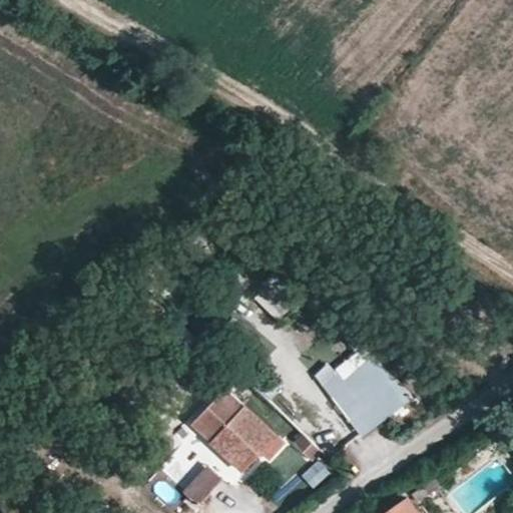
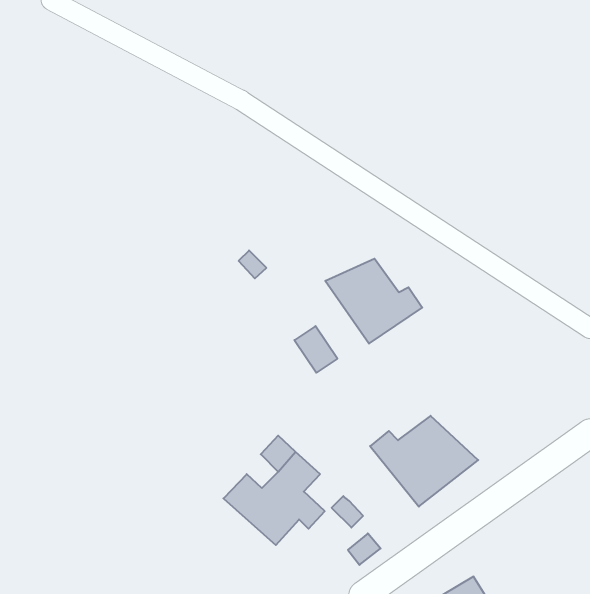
building: none -> [325,259,422,344]
building: [181,465,219,506] -> none

